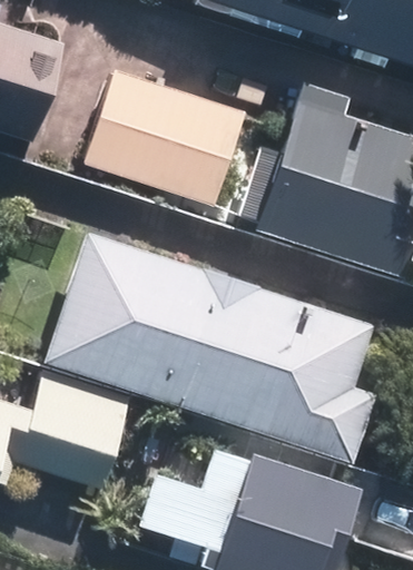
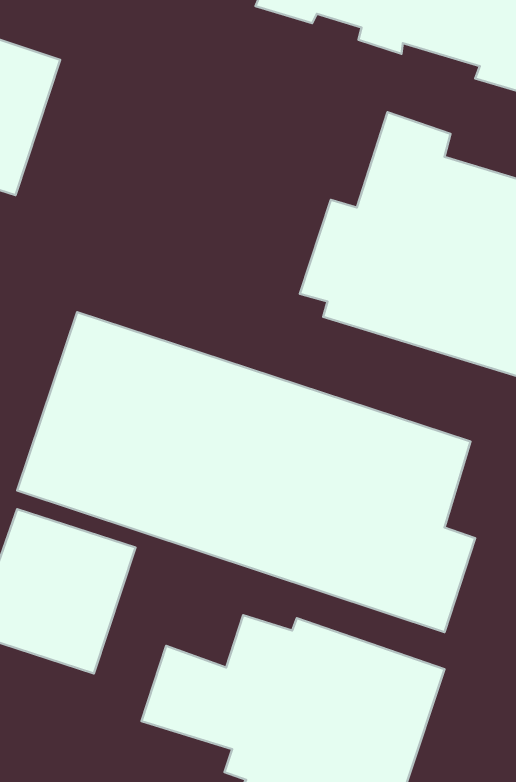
building: [89,71,250,208] -> none

